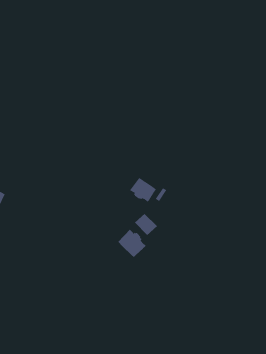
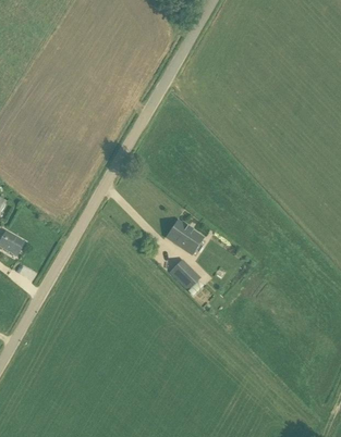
building: [117,229,146,258] -> none

